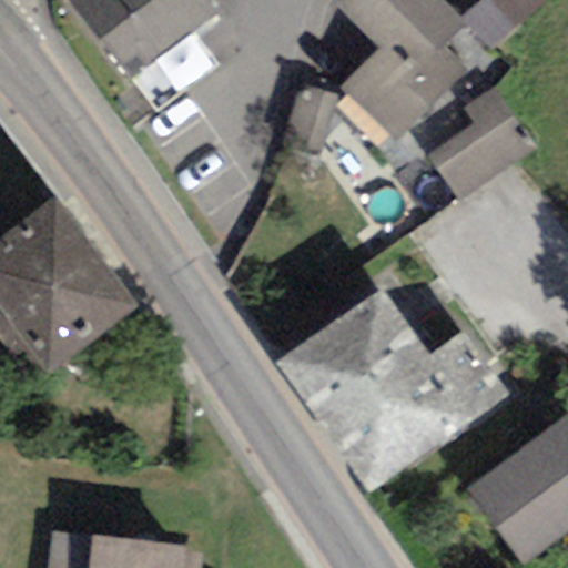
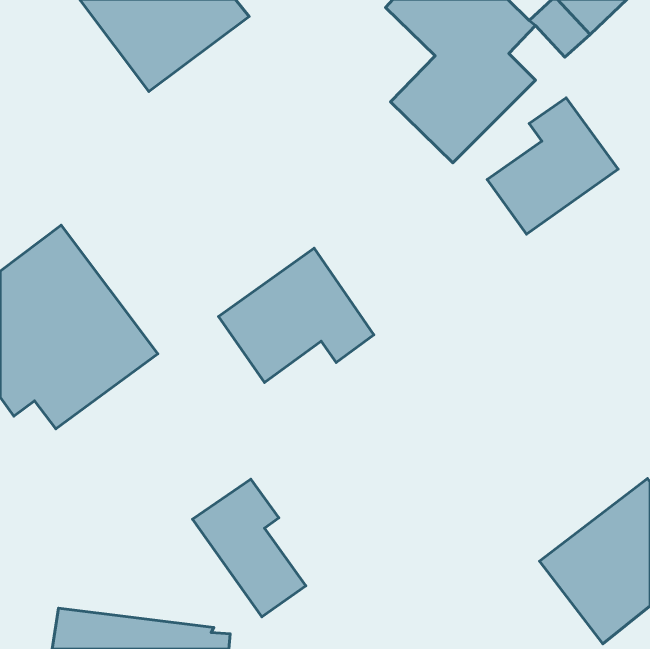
building: none -> [218,248,374,382]
building: [275,284,508,491] -> none
building: none -> [193,479,306,617]

